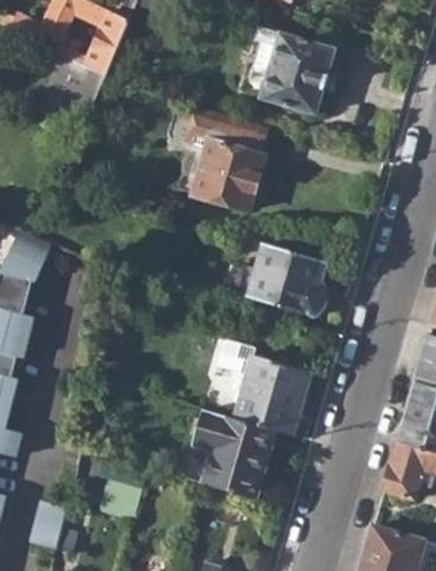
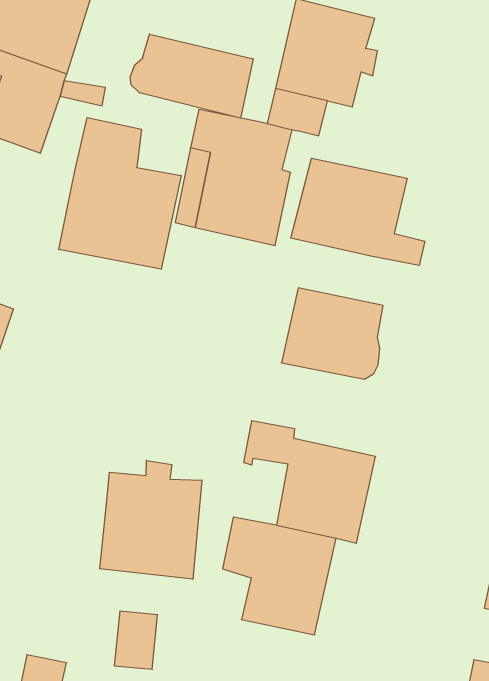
building: none -> [130,34,253,118]
building: none -> [59,118,181,269]
building: none -> [291,158,425,265]
building: none -> [100,460,202,579]

